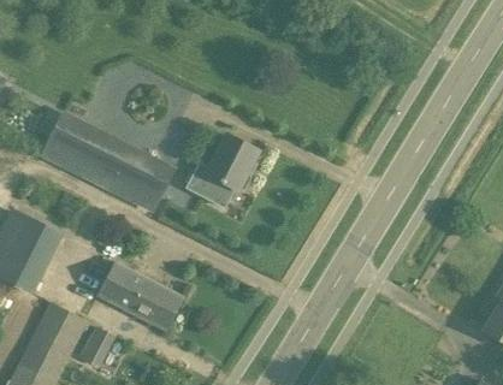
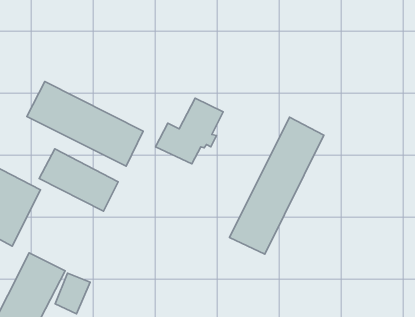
building: none -> [230,117,324,254]
building: [97,263,182,330] -> [39,149,118,211]

